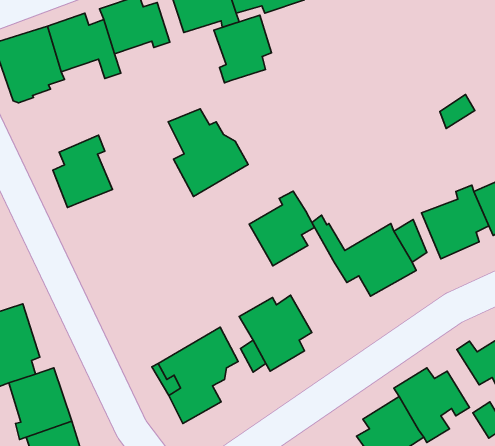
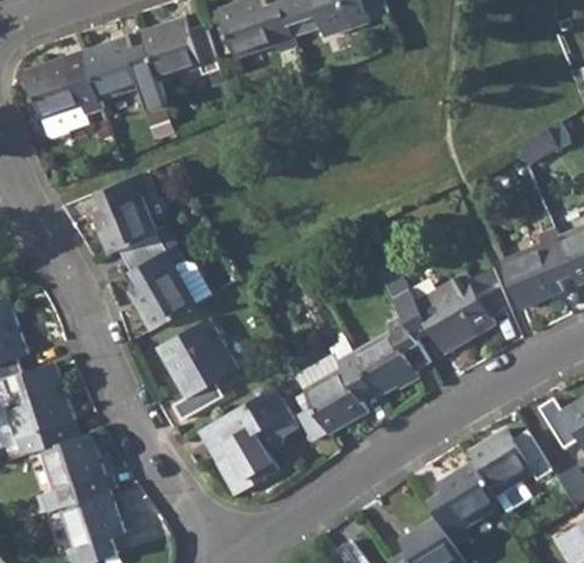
building: [214,15,271,83] -> none
building: [168,109,248,197] -> [119,233,208,331]
building: [249,191,314,266] -> [353,314,426,398]
building: none -> [156,318,236,420]

